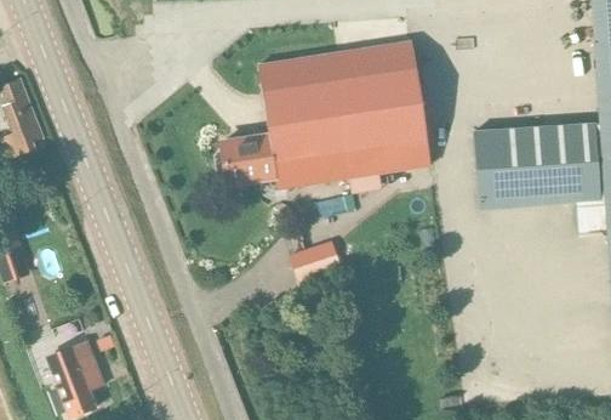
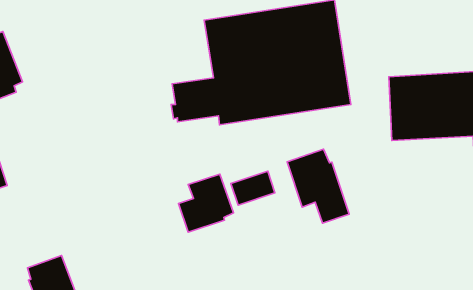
building: none -> [287,149,349,223]
building: none -> [179,174,233,232]

